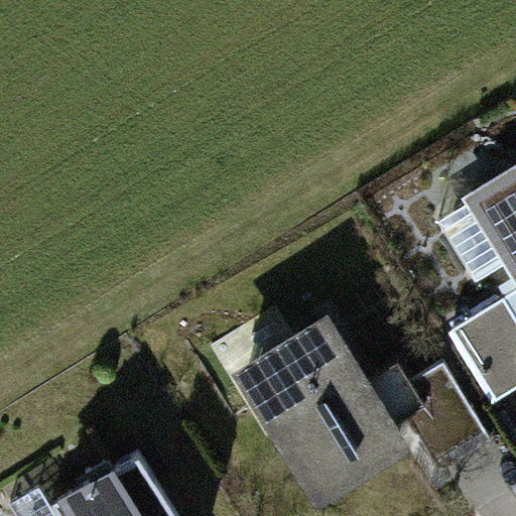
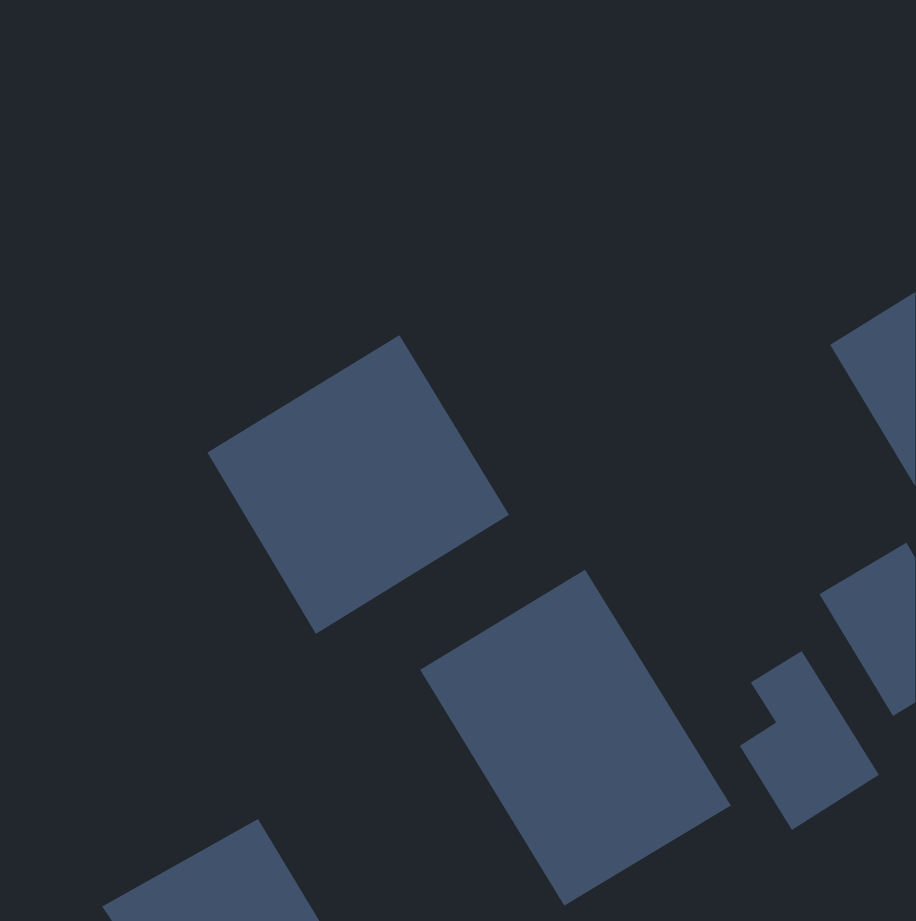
building: none -> [207,334,510,635]

